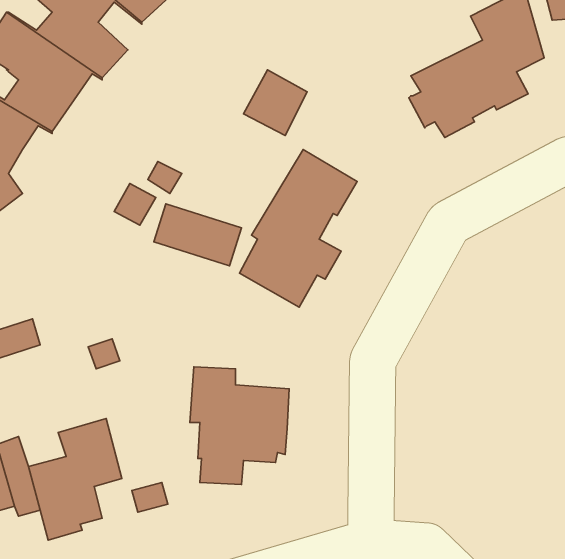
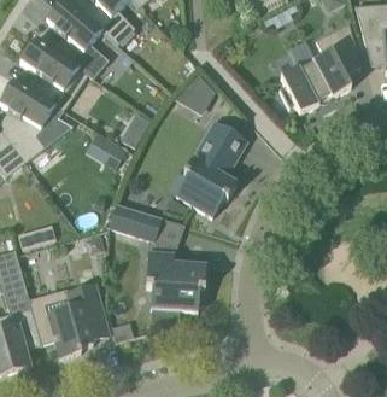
building: [154,204,241,266] -> [109,203,162,240]

